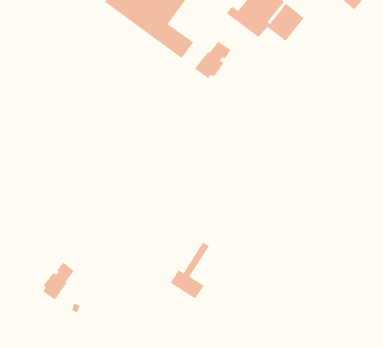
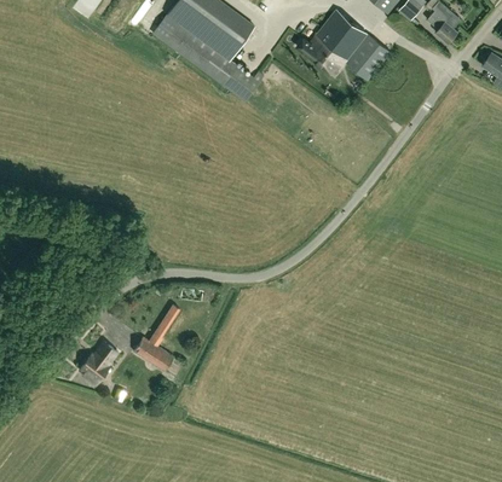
building: [194,41,231,79] -> none
building: [170,242,210,299] -> [133,303,180,371]

